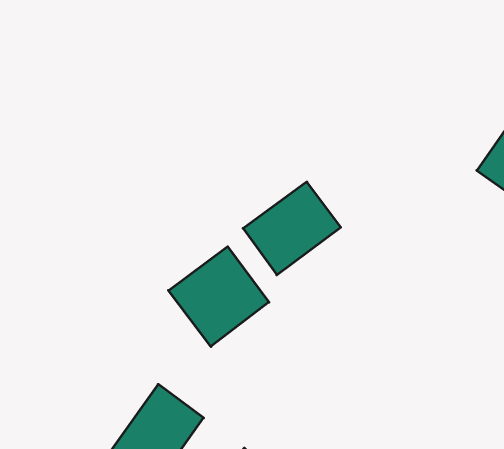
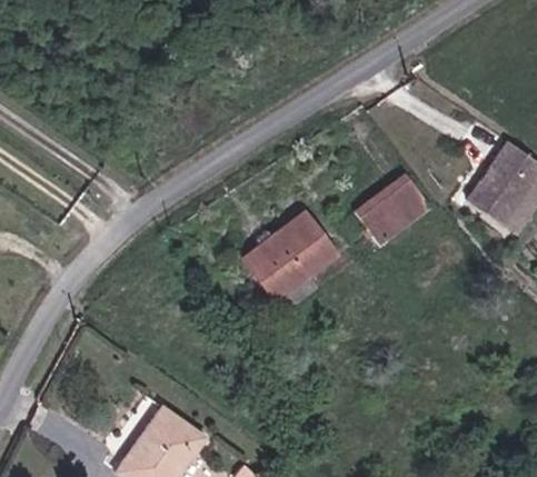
building: none -> [357,176,429,242]
building: [168,247,269,347] -> none

